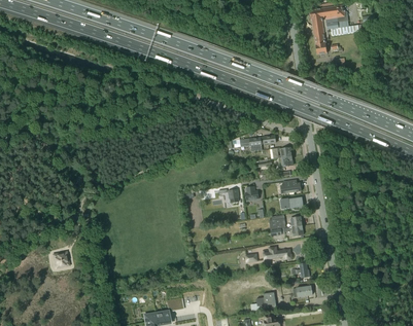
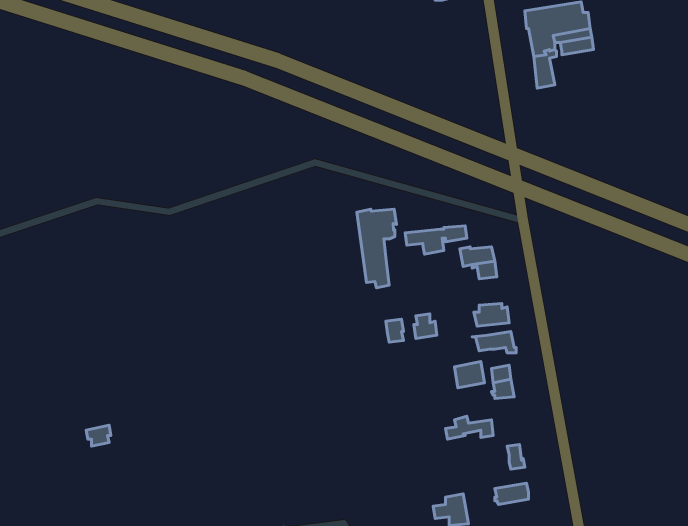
building: none -> [357,209,396,288]

